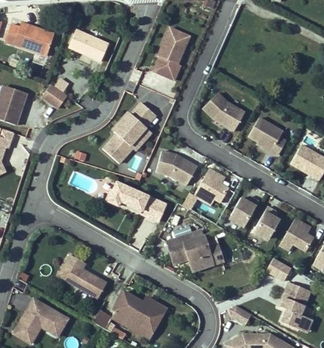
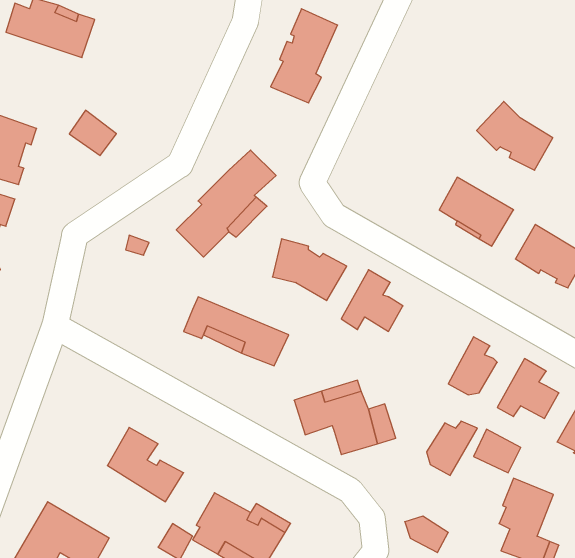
building: [70,29,110,60] -> none
building: [202,93,244,131] -> [477,101,553,170]
building: [231,197,259,227] -> [427,421,477,475]

